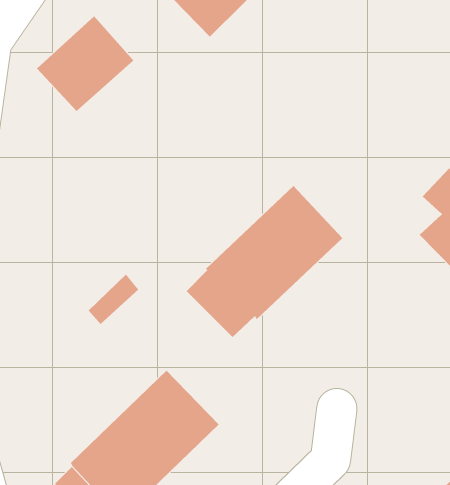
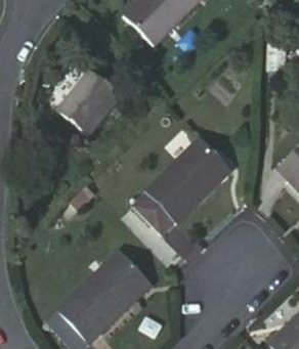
building: [36,16,134,112] -> [54,72,117,133]

